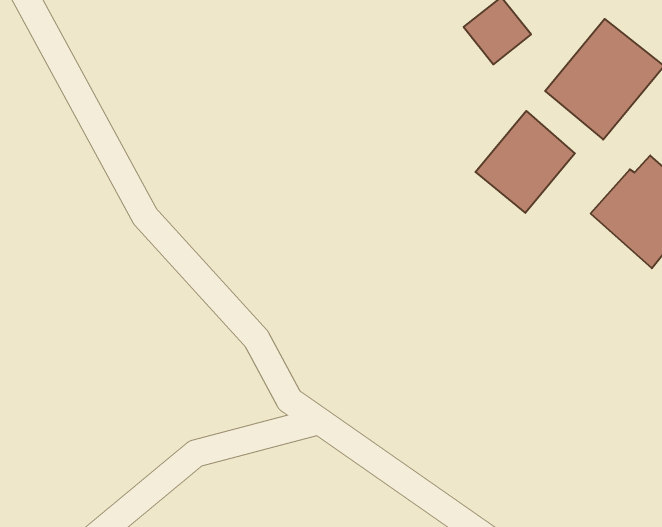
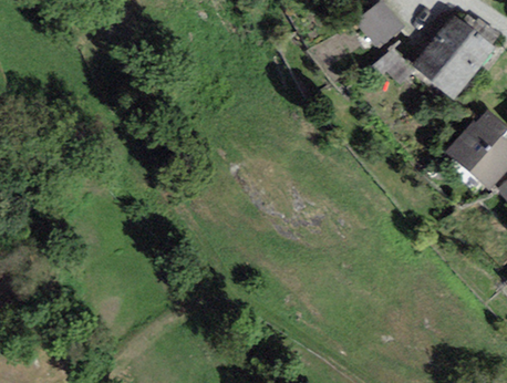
building: [475,111,575,213] -> none

